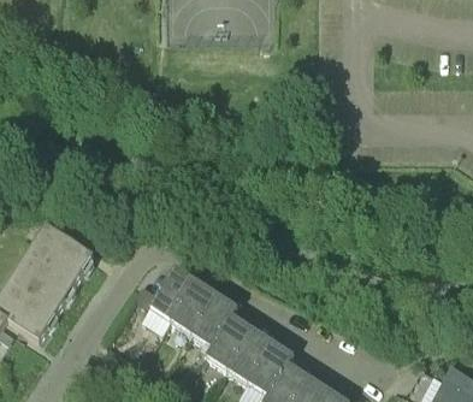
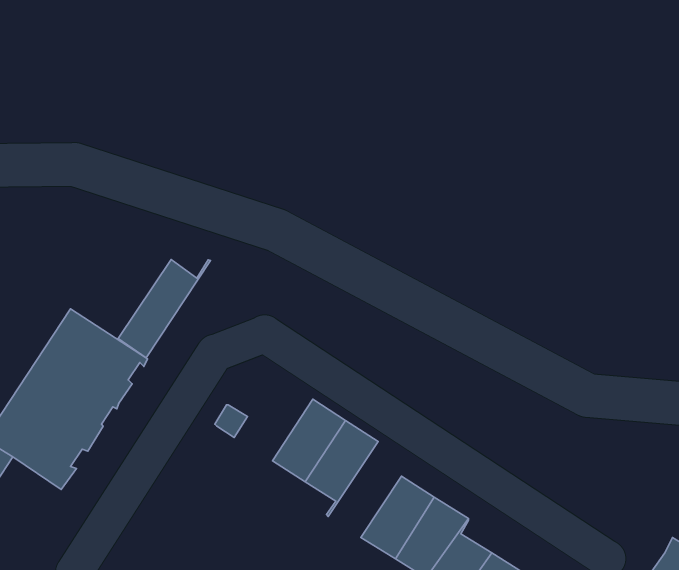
building: none -> [118,260,210,358]
building: [150,266,197,319] -> none
building: [207,307,253,367] -> none

